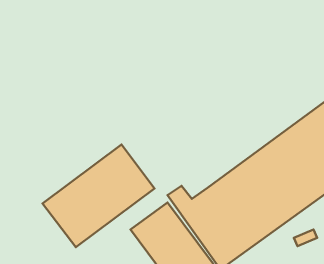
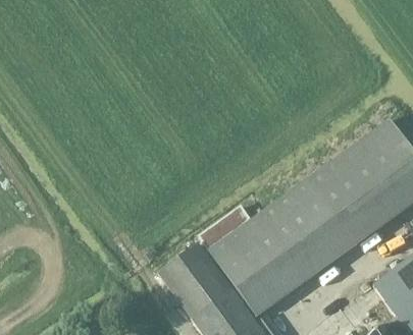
building: [43,145,155,247] -> none

